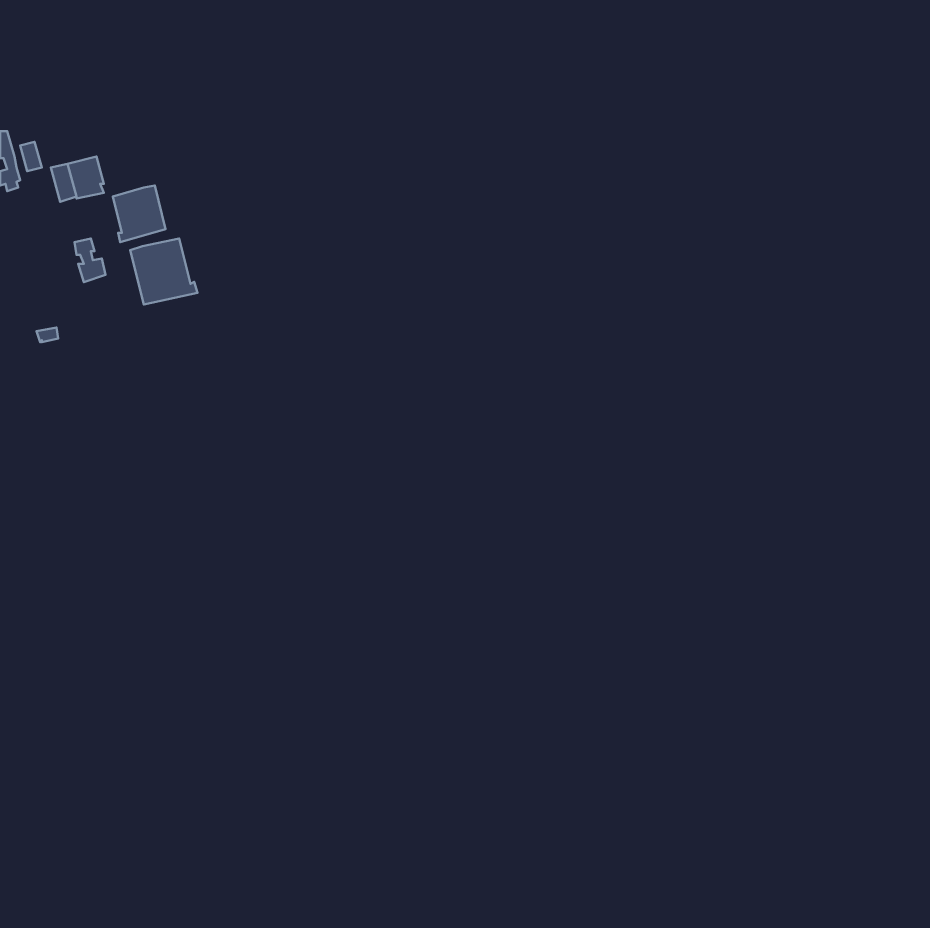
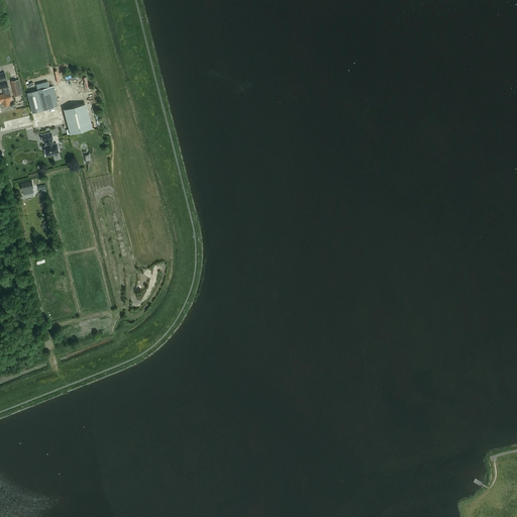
building: [130,239,197,304] -> none

